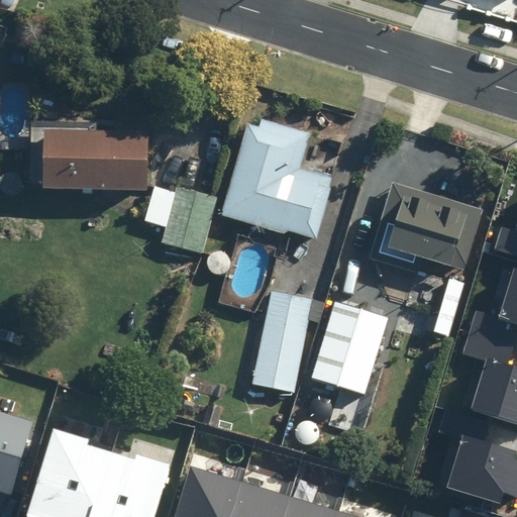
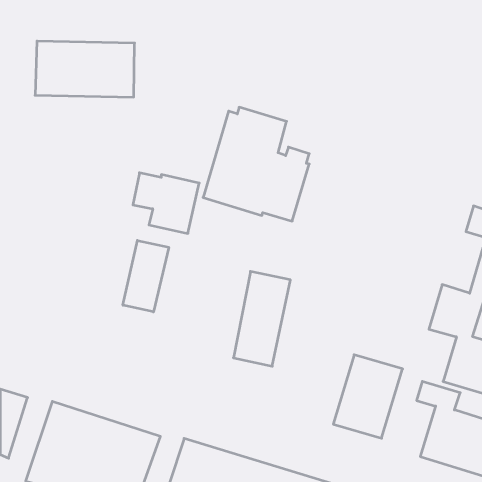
building: [34,126,140,186] -> [35,41,135,97]
building: [368,182,481,270] -> none
building: none -> [123,240,169,312]
building: [310,303,384,392] -> [333,355,403,438]

